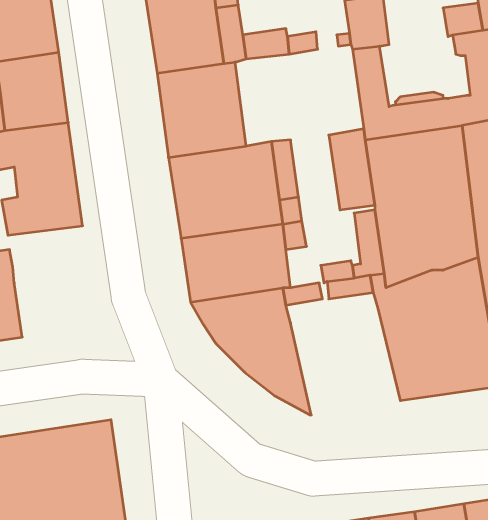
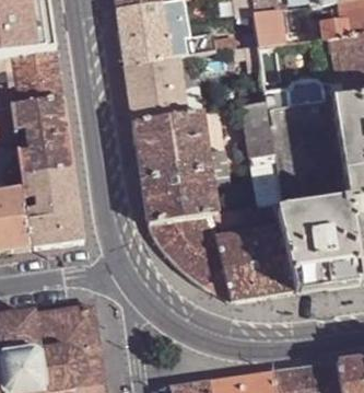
building: none -> [22,171,83,247]
building: none -> [216,228,292,301]

